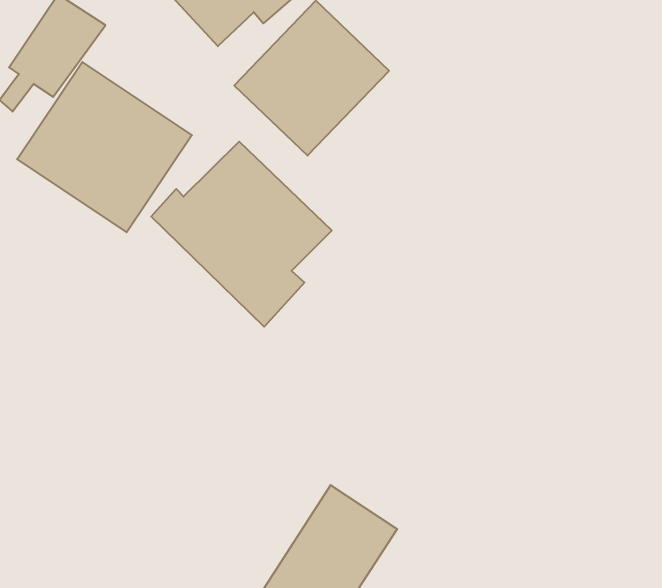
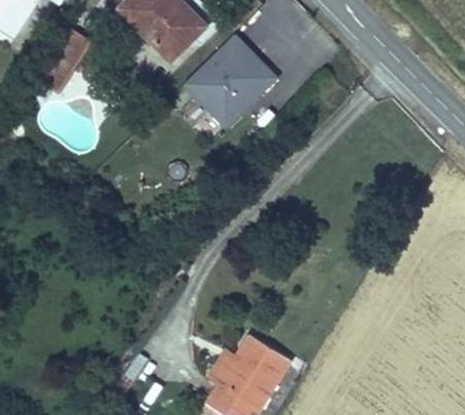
building: [17,62,192,232] -> none
building: [151,142,332,327] -> none

